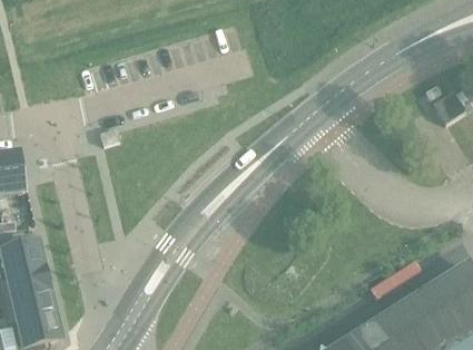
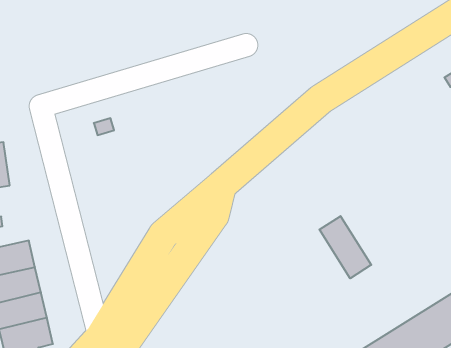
building: none -> [319,216,371,278]

